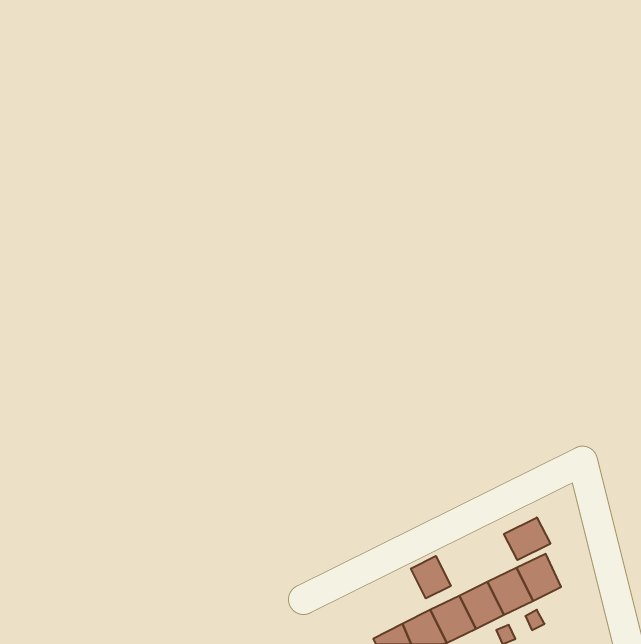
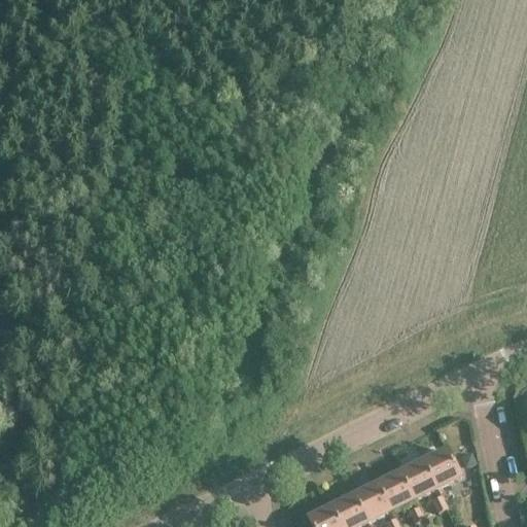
building: [504,517,550,560] -> none
building: [411,556,451,598] -> none

